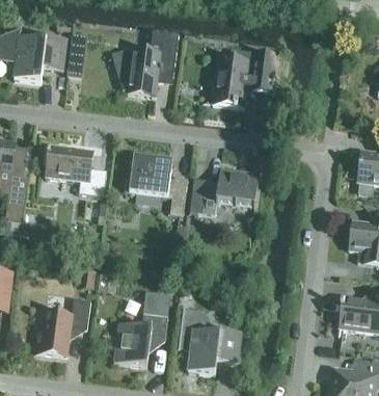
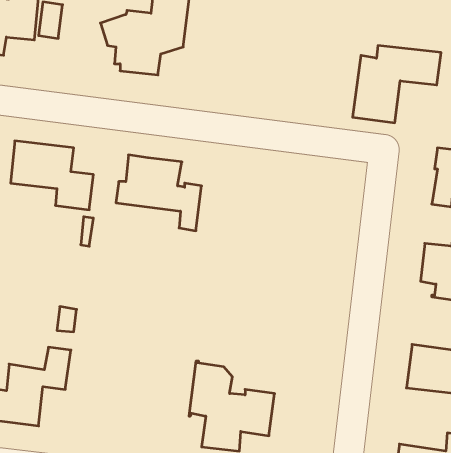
building: [212,50,277,107] -> [353,46,441,123]
building: [189,166,259,213] -> none
building: [113,291,169,366] -> none

